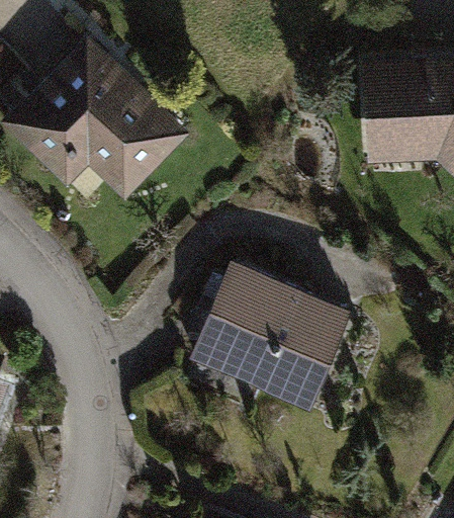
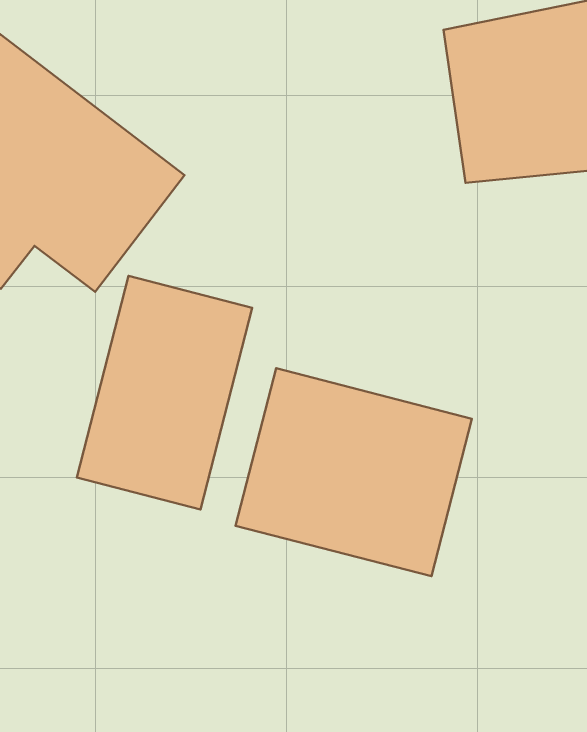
building: none -> [77,276,252,509]

